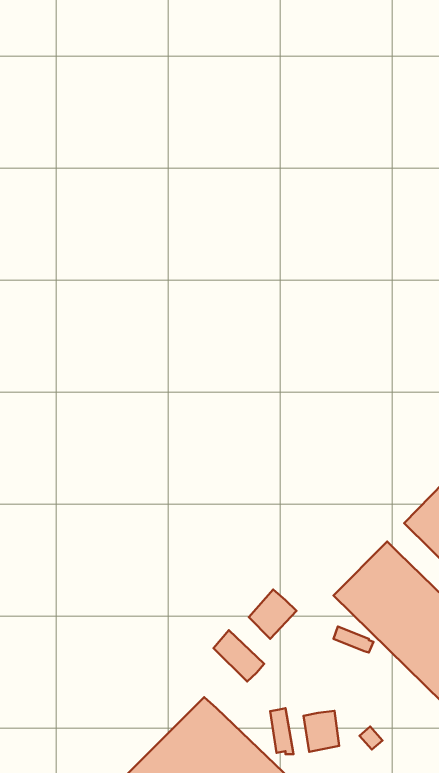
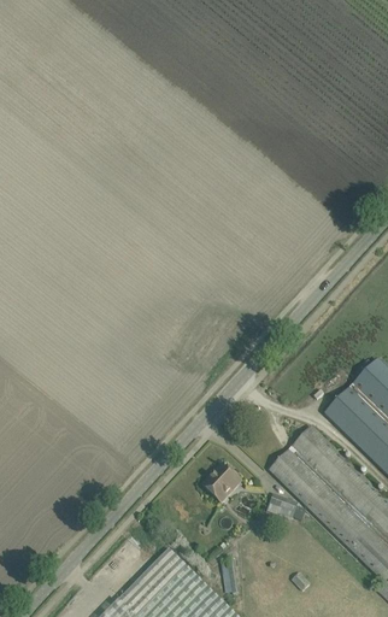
building: [213,630,264,681] -> none
building: [303,711,339,752] -> none

